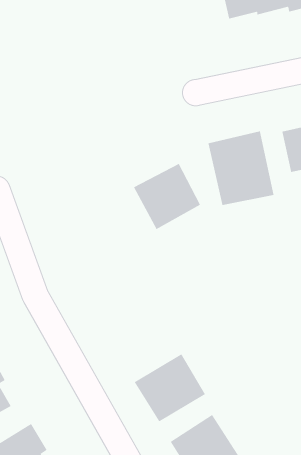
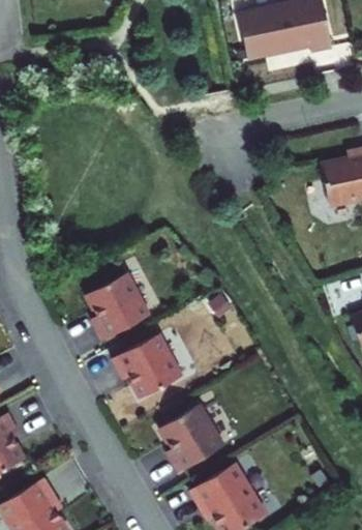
building: [208,131,274,206] -> none
building: [133,163,201,230] -> [87,267,157,336]
building: none -> [122,329,187,392]

